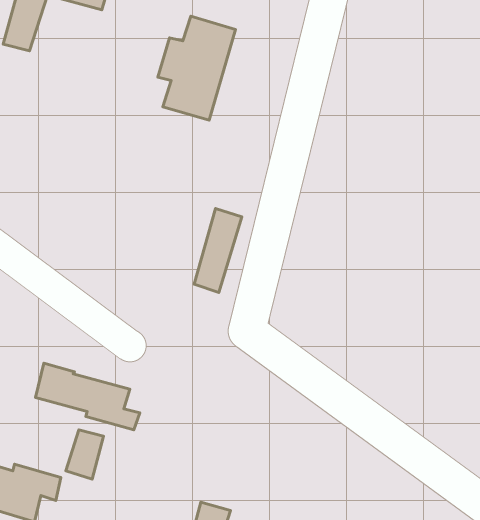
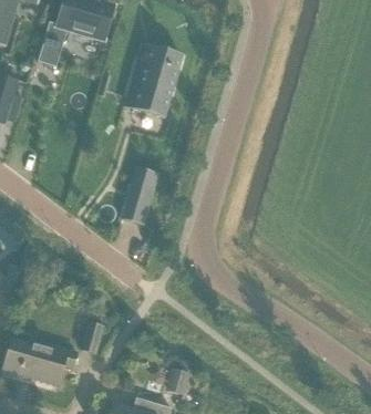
building: [194,208,242,292] -> [124,174,156,230]
building: [36,363,140,430] -> none

